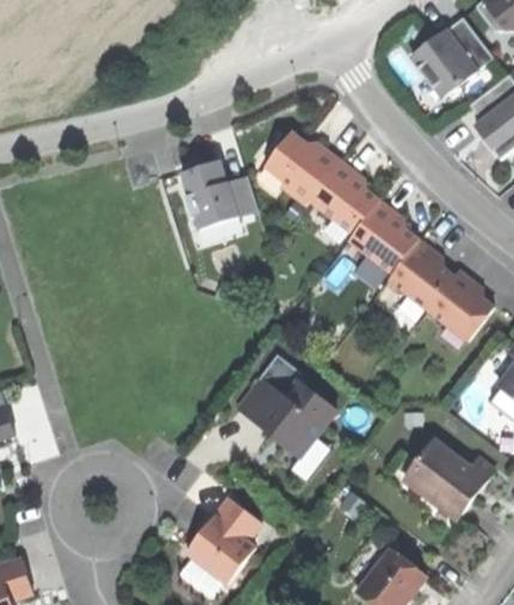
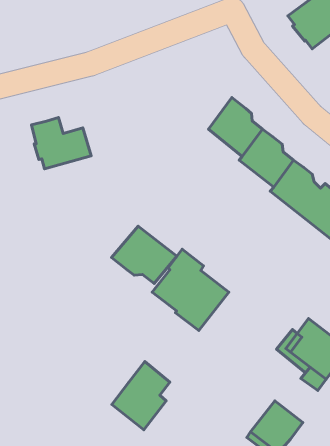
building: [264,130,339,204] -> none
building: [181,161,258,227] -> [31,117,91,169]
building: none -> [112,226,177,284]

